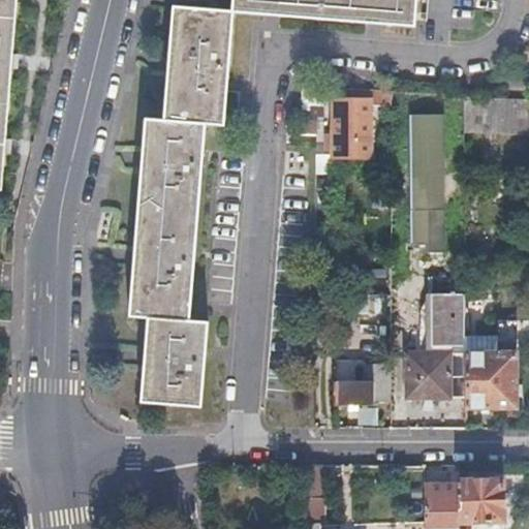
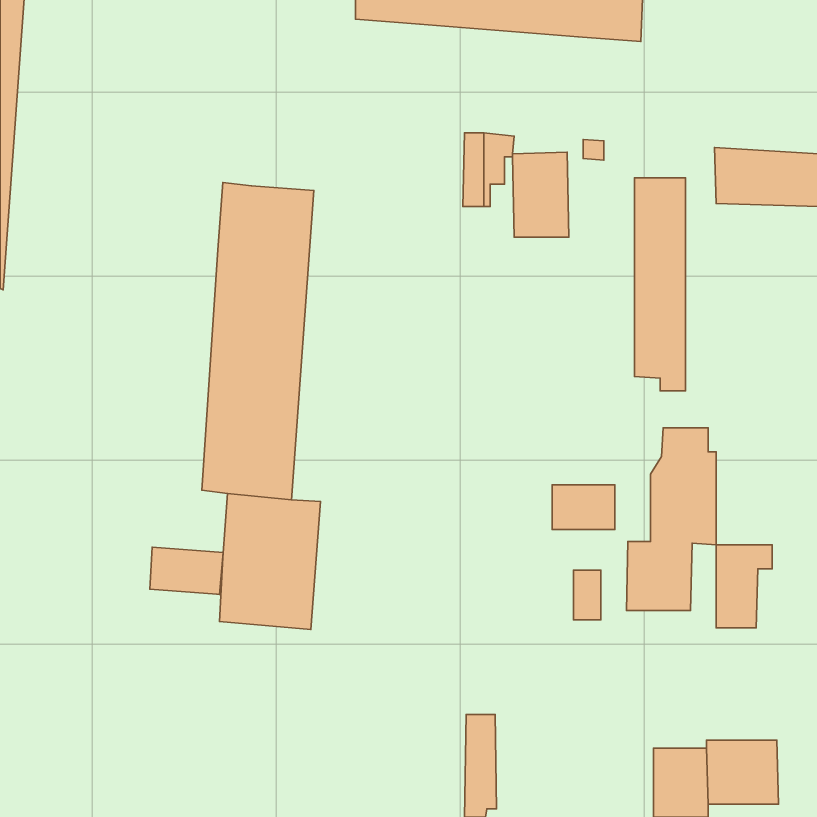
building: [163,7,230,125] -> none
building: [489,351,515,405] -> none
building: none -> [150,547,223,594]
building: [331,374,371,403] -> [552,485,615,530]

